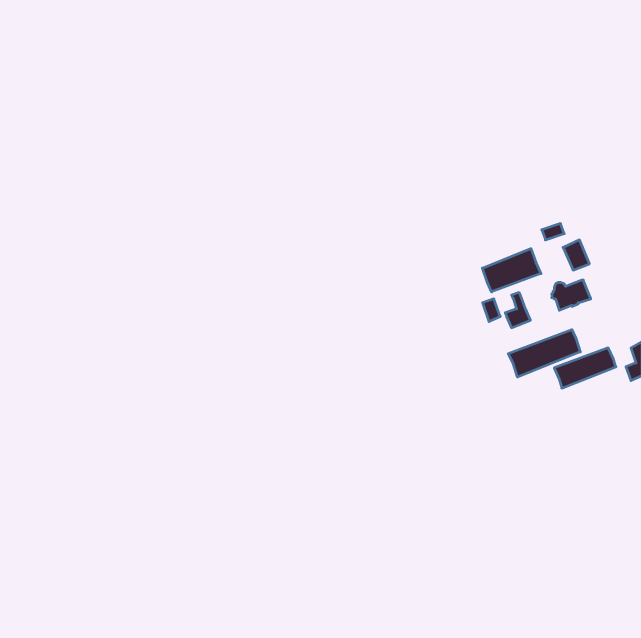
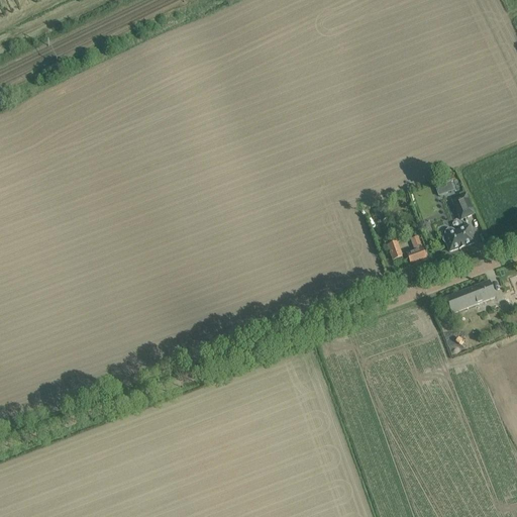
building: [482,249,541,292] -> none
building: [508,330,580,377] -> none

